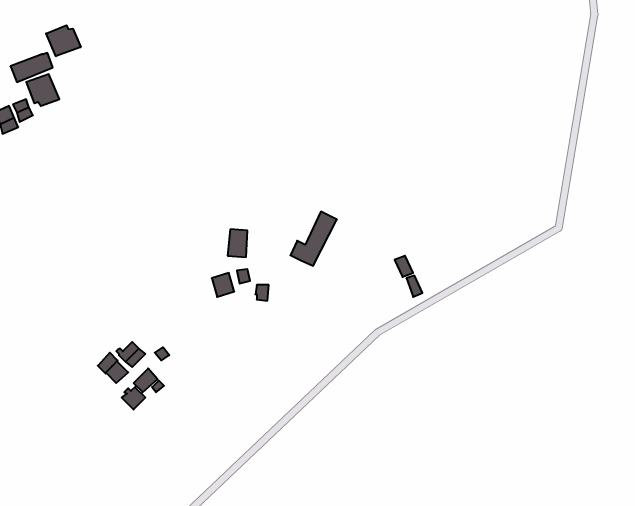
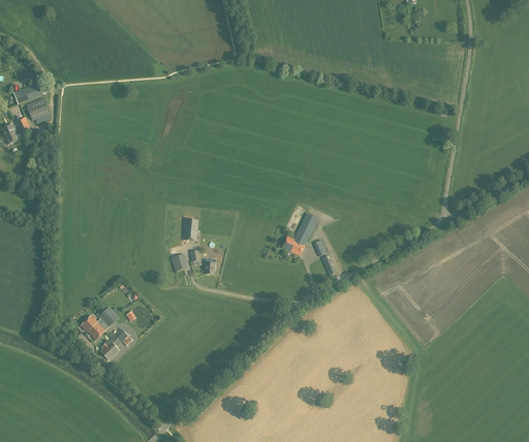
building: [46,25,81,56] -> none
building: [290,212,337,266] -> [281,212,317,254]

